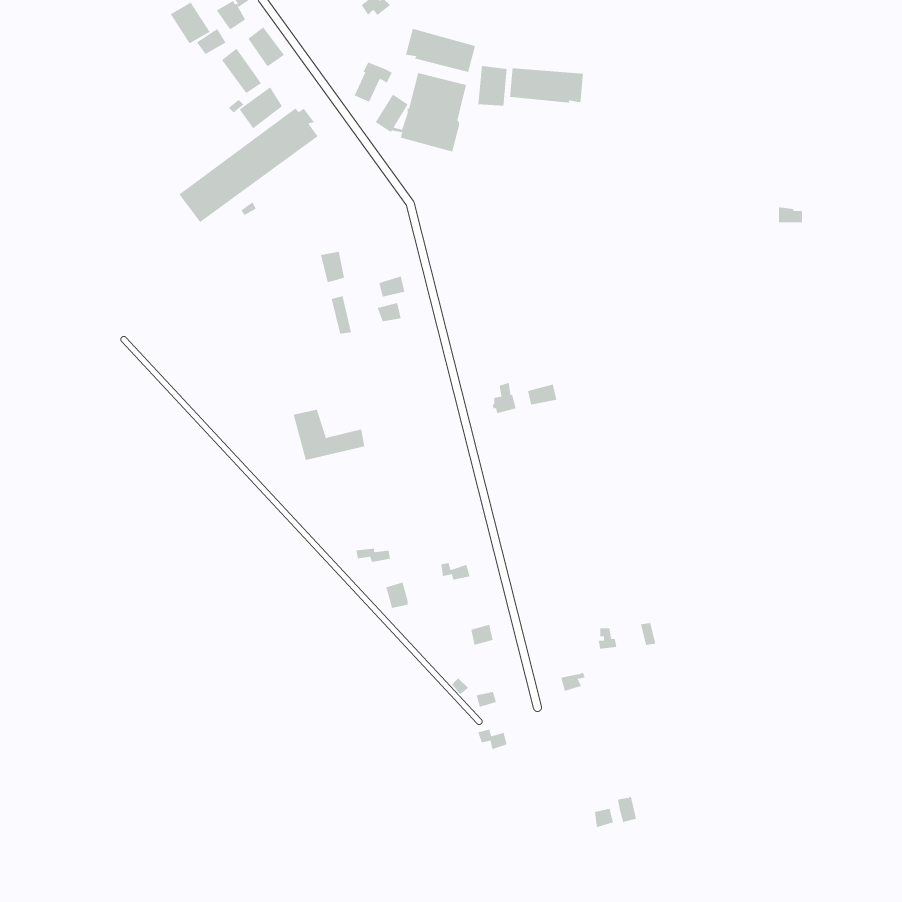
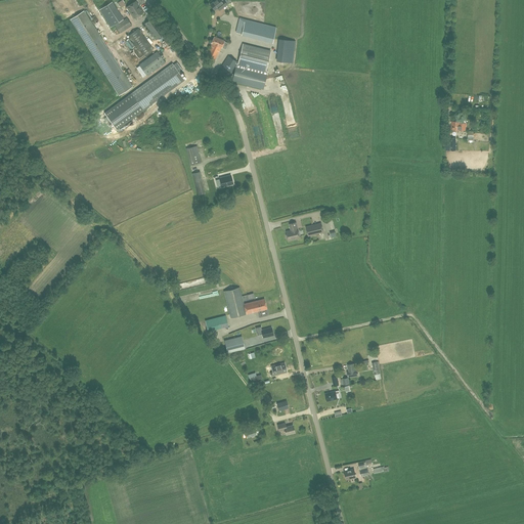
building: none -> [70,9,132,95]
building: [509,68,584,104] -> none
building: [293,409,365,461] -> [223,287,265,316]

